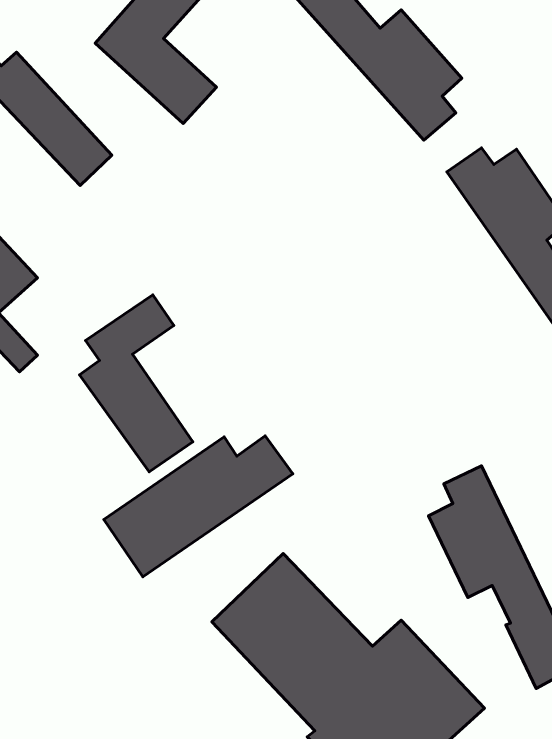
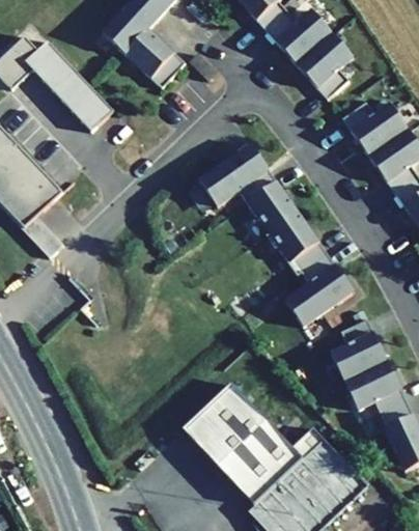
building: none -> [198,145,353,328]
building: [80,295,193,472] -> none
building: [104,436,293,577] -> none

